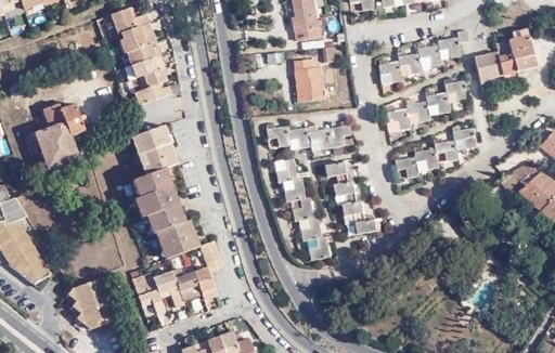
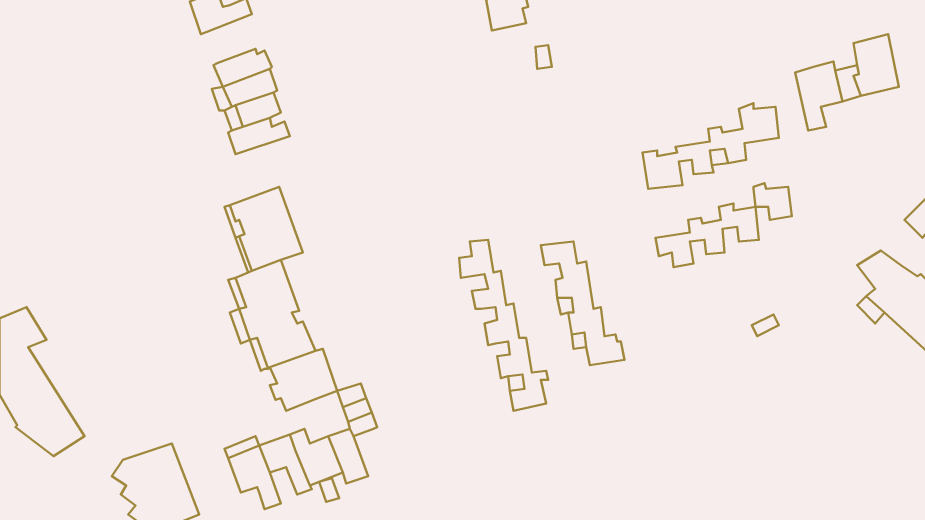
building: [124,24,157,53] -> none
building: [377,31,466,79] -> none
building: [291,57,319,100] -> none
building: [24,105,85,169] -> none
building: [266,120,350,147] -> none

